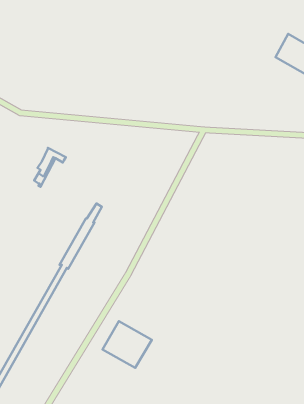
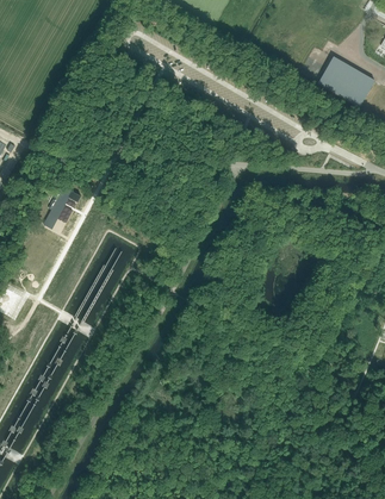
building: [102,321,152,368] -> none

